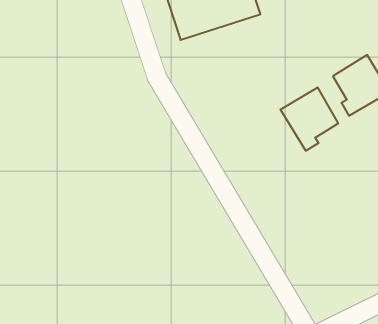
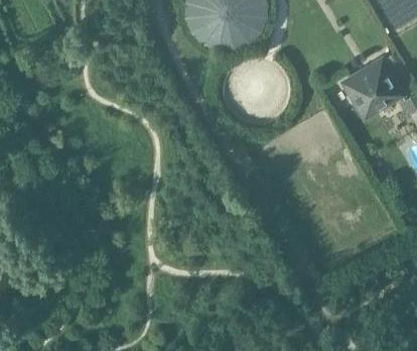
building: [280,87,338,151] -> none

